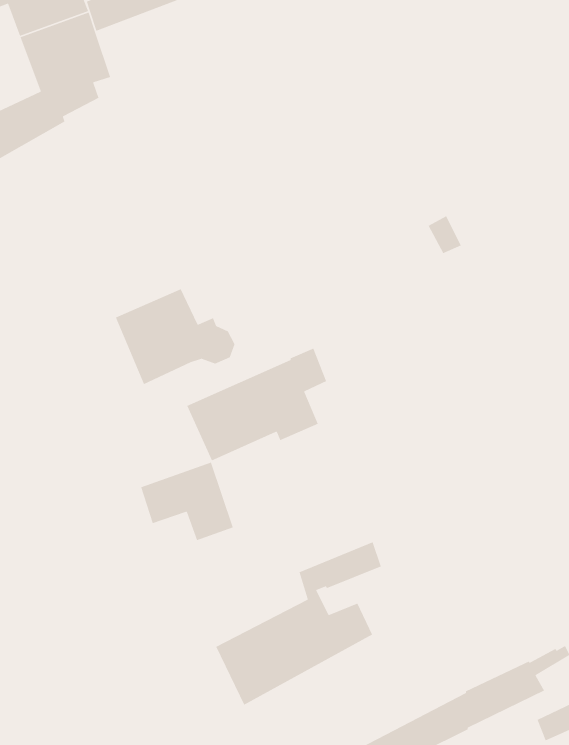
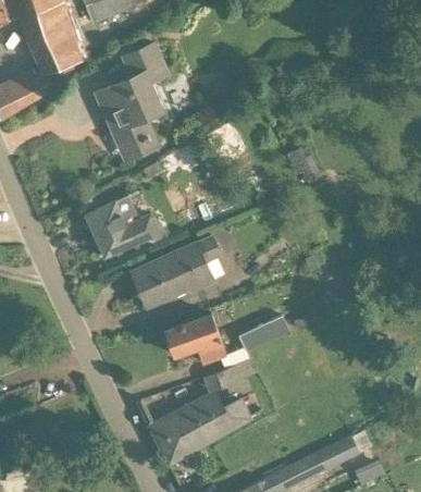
building: none -> [97,40,170,158]
building: [140,461,234,541] -> [166,313,226,365]
building: none -> [238,317,289,353]

